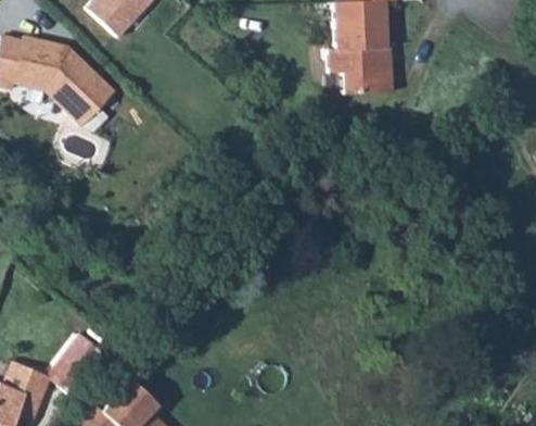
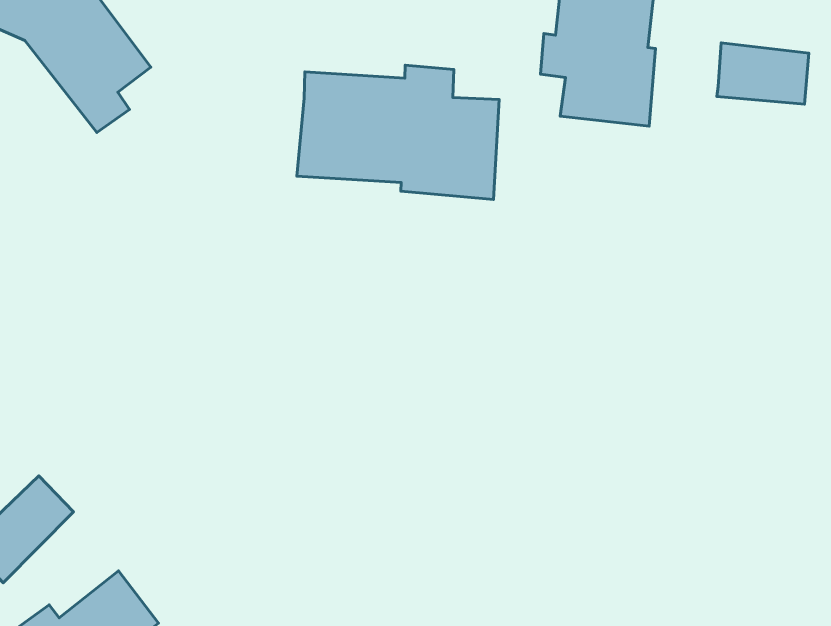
building: none -> [717,43,809,104]
building: none -> [297,65,499,199]

